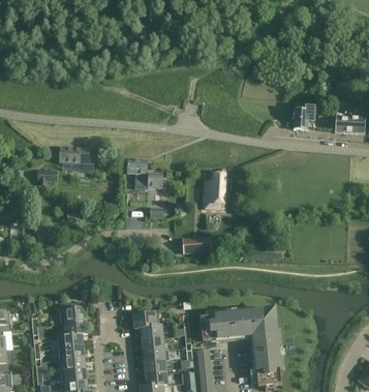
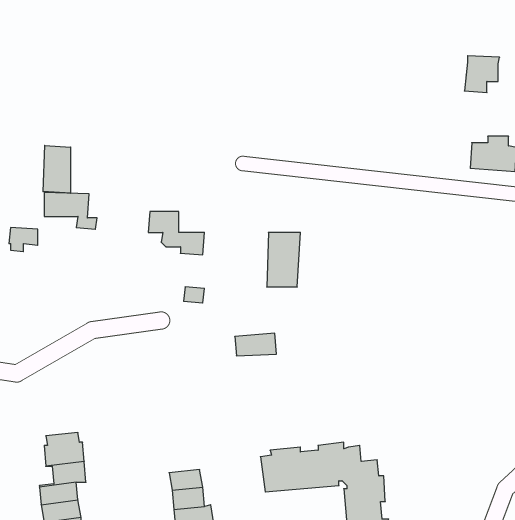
building: [293,105,315,129] -> [464,56,500,93]
building: none -> [43,145,71,193]
building: [133,308,160,329] -> none

